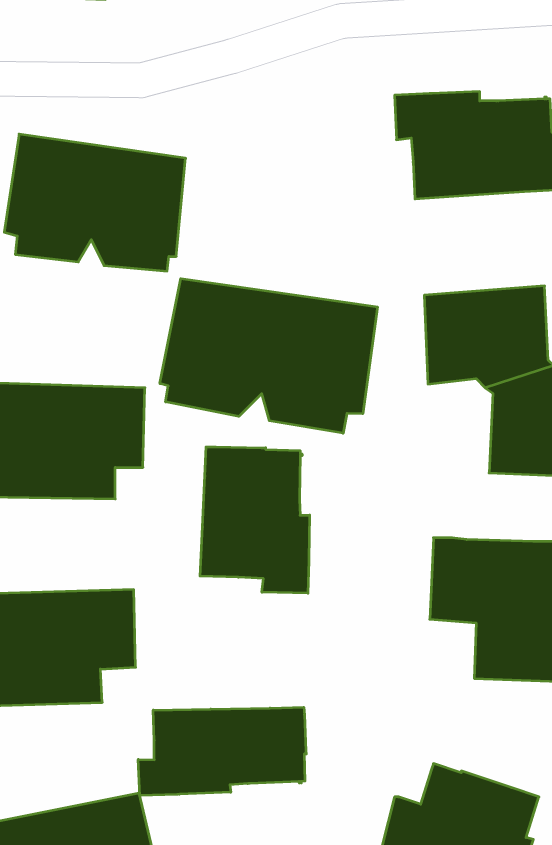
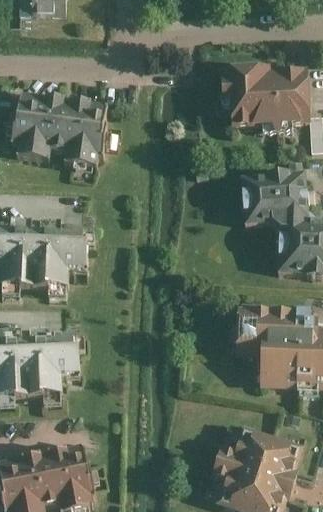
building: [160,279,377,433] -> none
building: [200,447,310,593] -> none
building: [138,707,306,795] -> none

